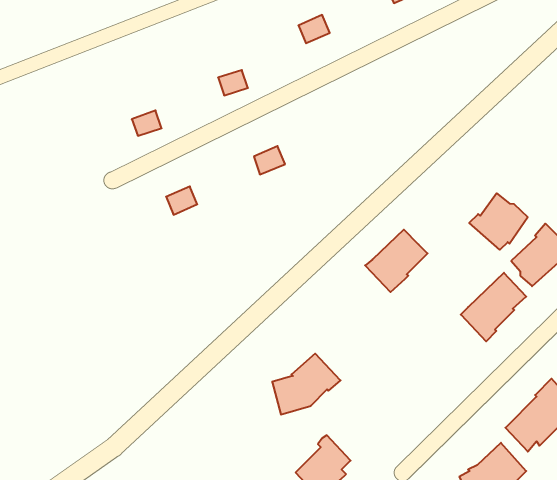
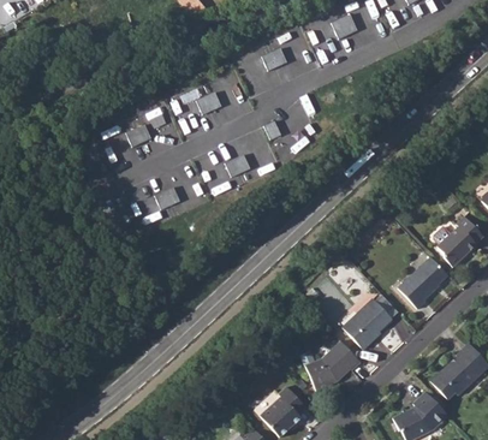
building: [469,193,528,250] -> none
building: [365,230,428,292] -> [341,299,392,350]
building: [272,354,341,415] -> [305,340,361,390]

